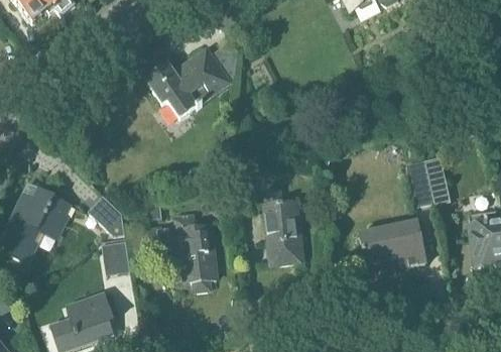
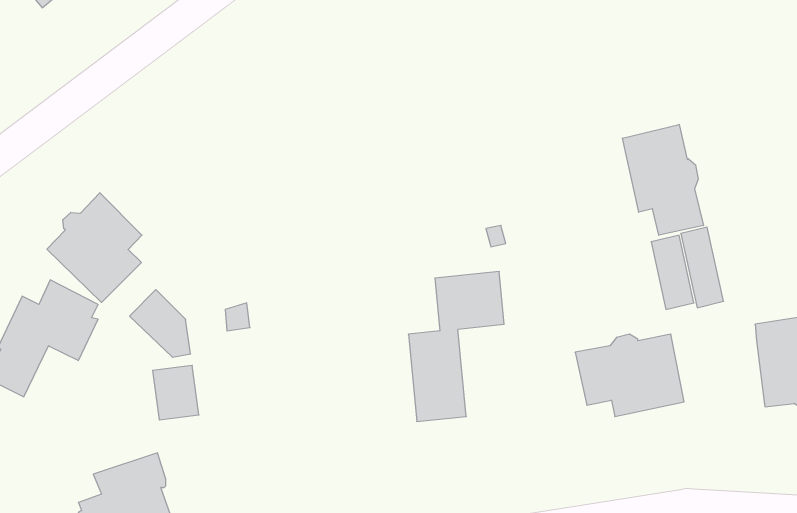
building: [146,41,239,117] -> none
building: none -> [623,124,703,235]
building: none -> [47,193,142,302]
building: [149,213,217,292] -> none

